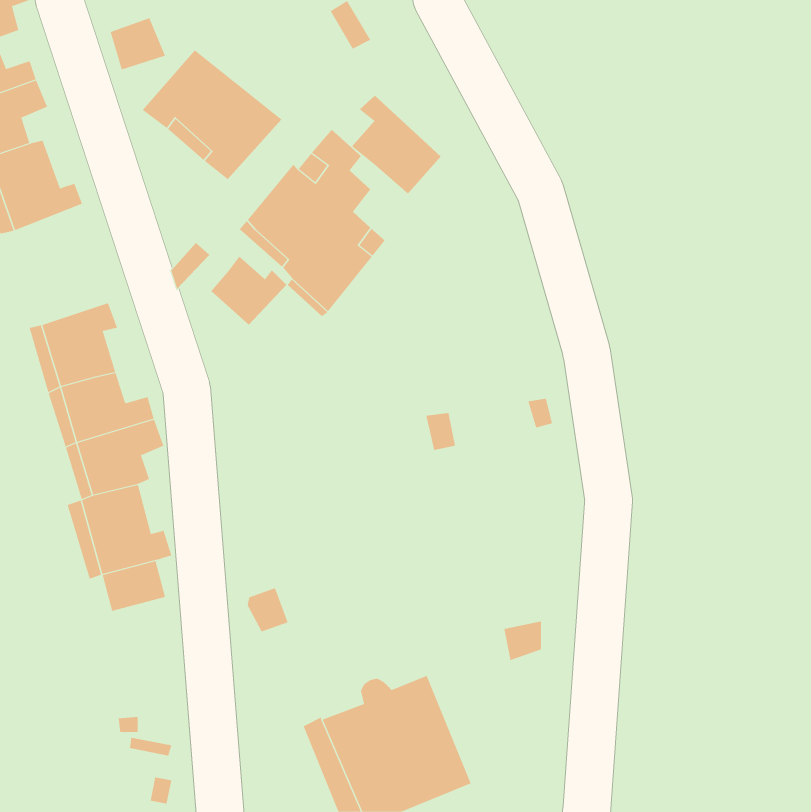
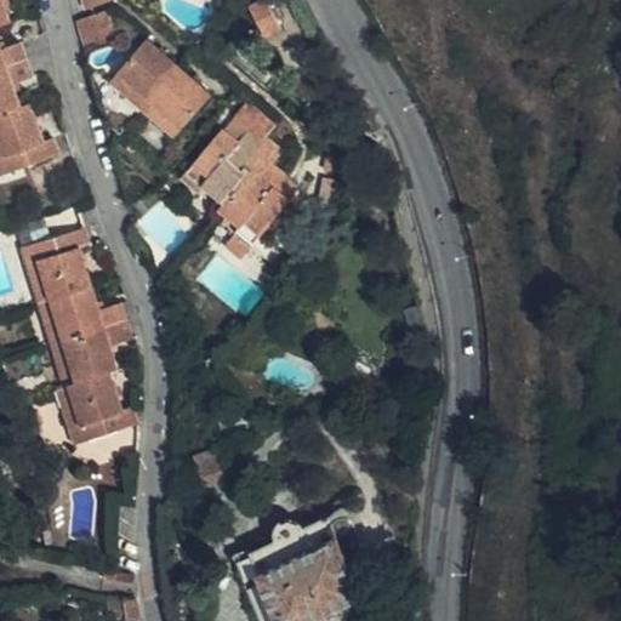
building: [351,95,442,194] -> none
building: [210,256,287,325] -> none

